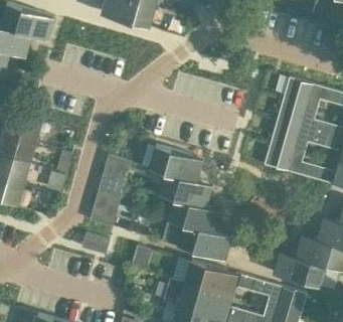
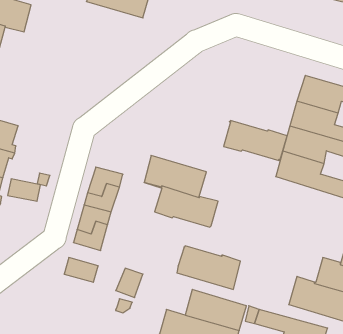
building: [169,198,223,232] -> [224,121,287,161]

